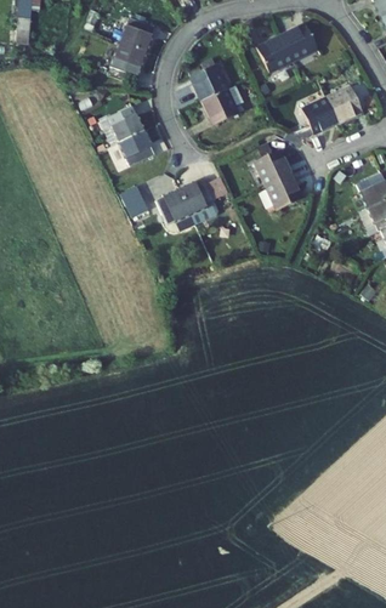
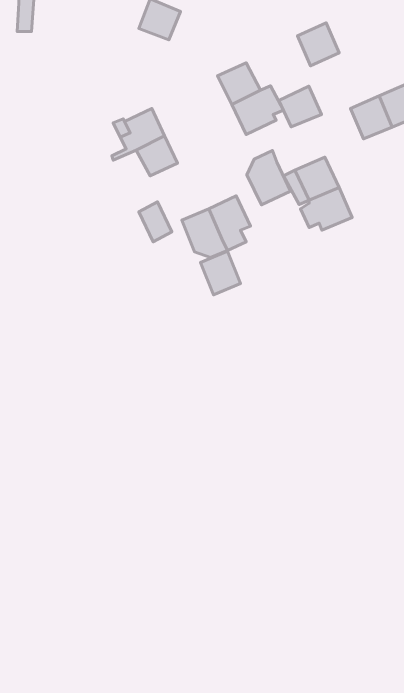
building: [280,22,317,58] -> none
building: [112,38,147,73] -> none
building: none -> [279,86,322,127]
building: none -> [247,150,290,205]
building: none -> [200,251,240,295]

